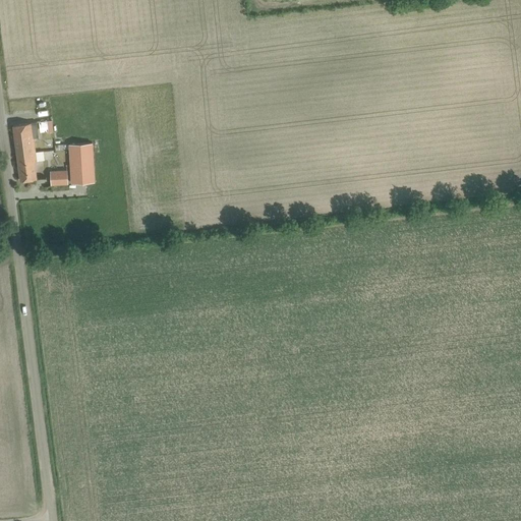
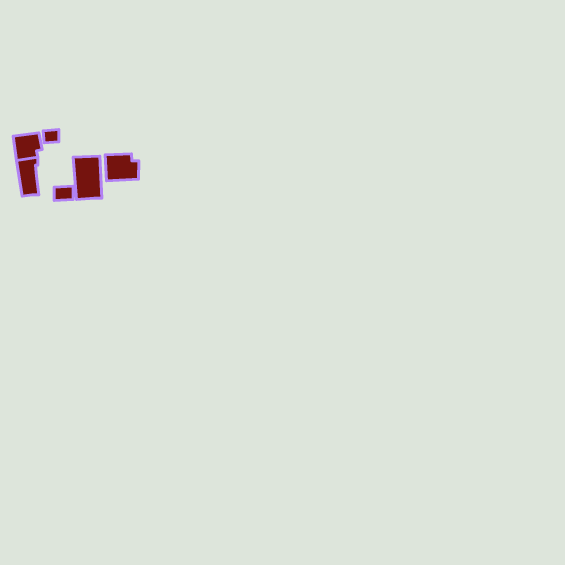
building: none -> [105,154,139,181]

